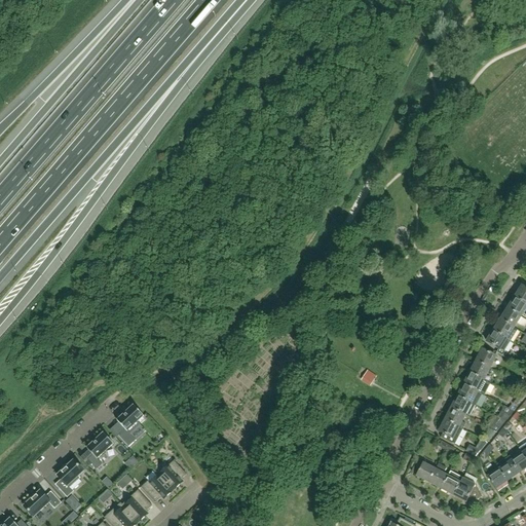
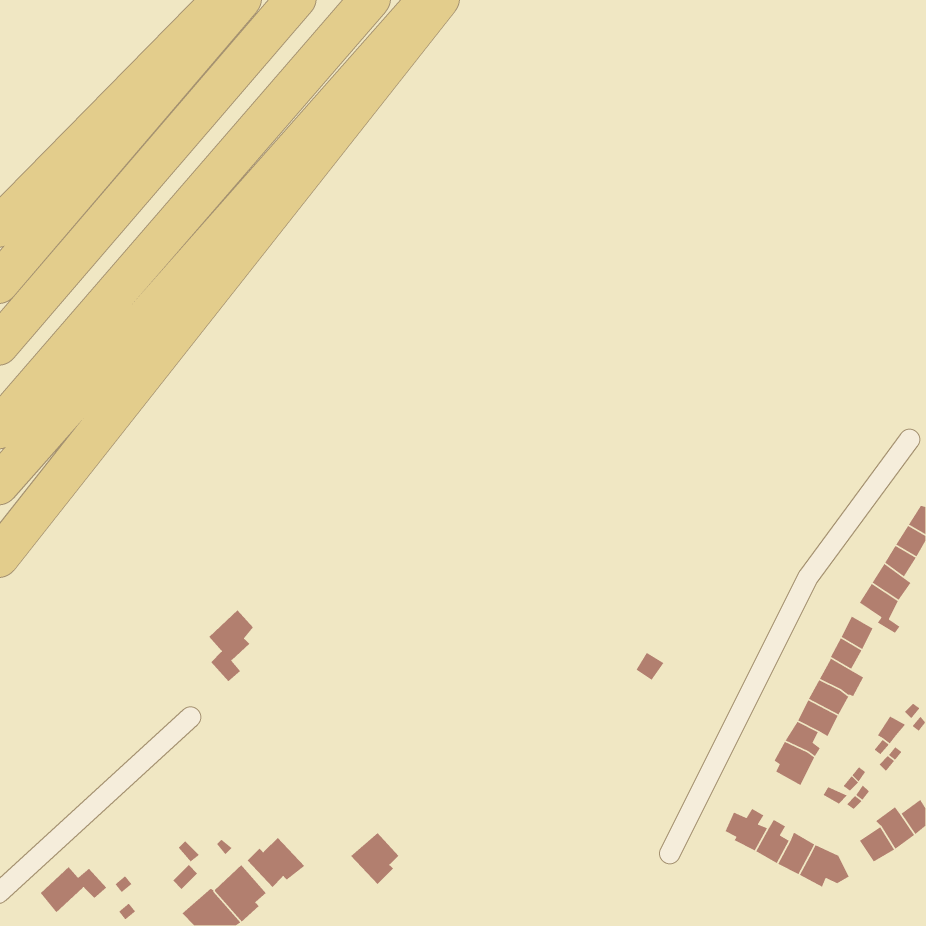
building: [116,405,142,446] -> [209,609,254,682]
building: [85,433,112,468] -> none
building: [54,459,82,497] -> none
building: [157,460,185,490] -> [350,832,399,885]

